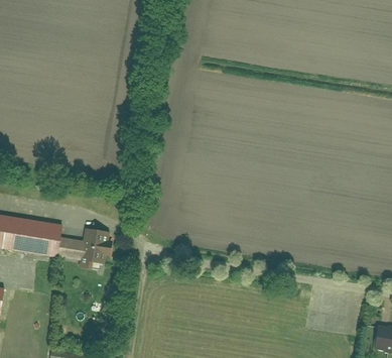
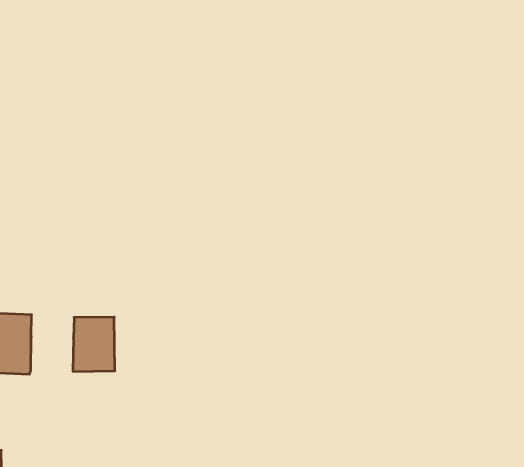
building: [57,238,86,262] -> none

